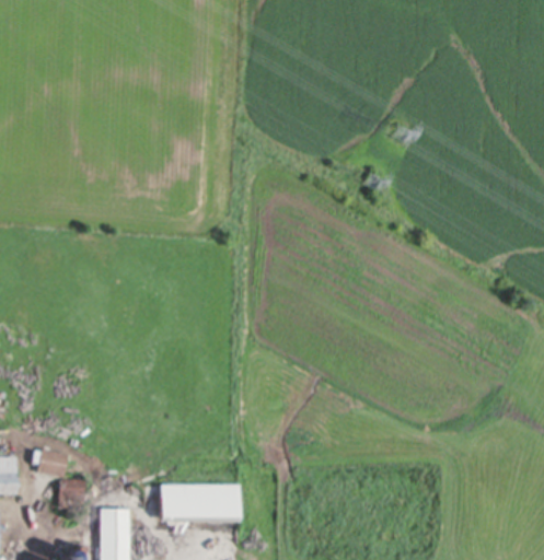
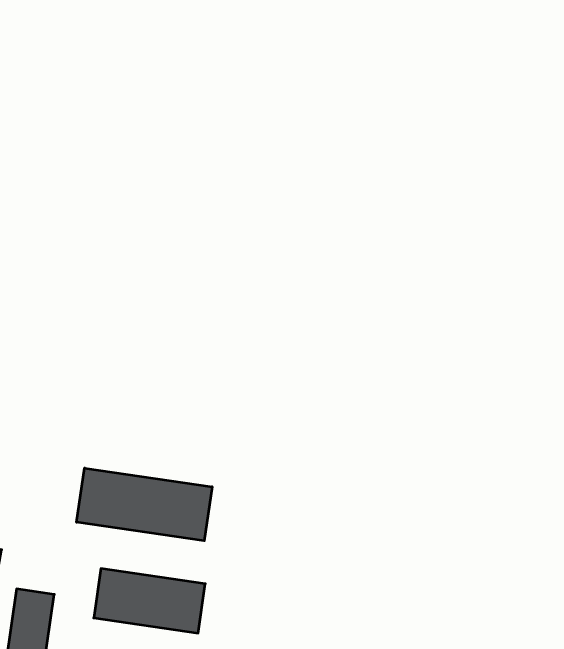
building: none -> [77,468,212,541]

